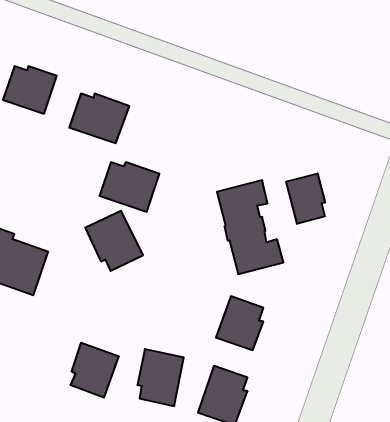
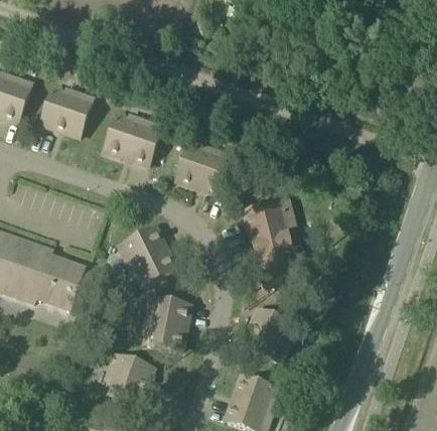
building: [99,162,159,212] -> [175,146,233,193]
building: [286,173,325,224] -> none
building: [137,349,184,406] -> [144,296,188,350]

